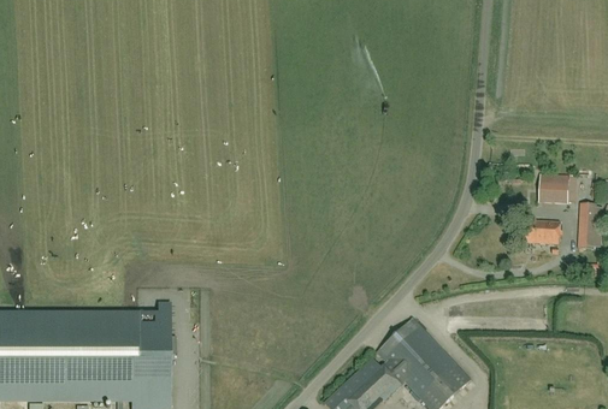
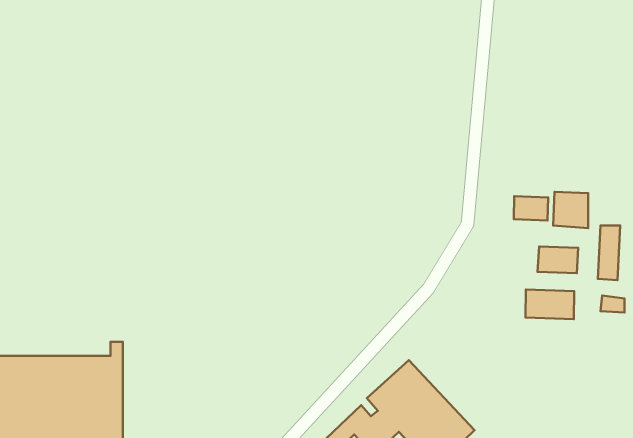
building: none -> [514,196,548,220]
building: none -> [526,289,574,319]

